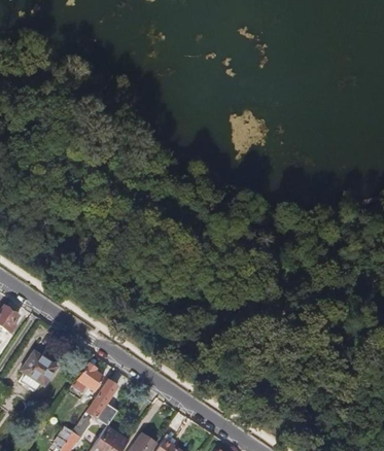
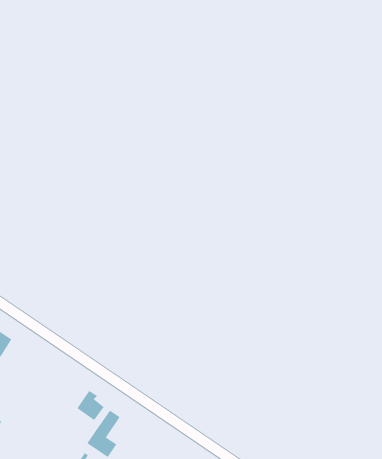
building: [21,351,57,385] -> none

